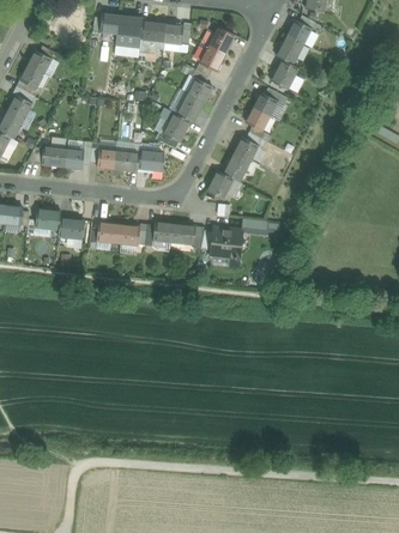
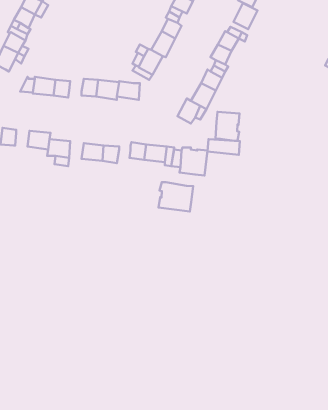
building: none -> [215,112,240,141]
building: none -> [159,182,193,211]

